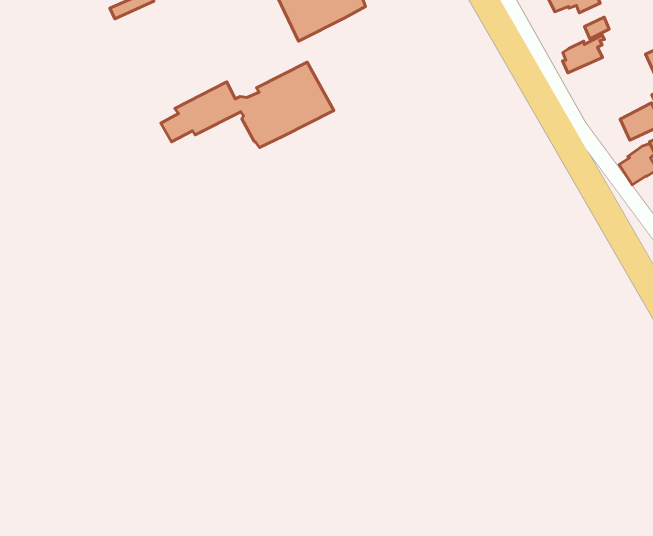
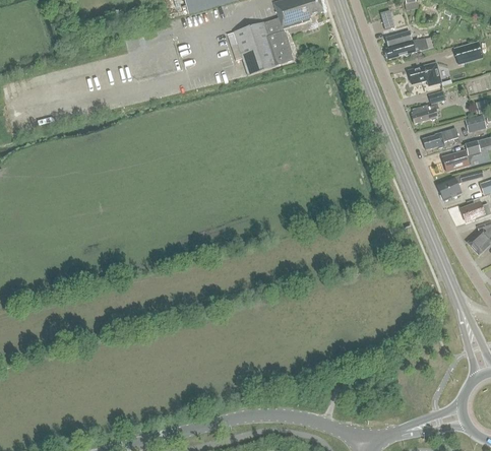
building: [161,62,334,147] -> none
building: none -> [423,126,458,149]

